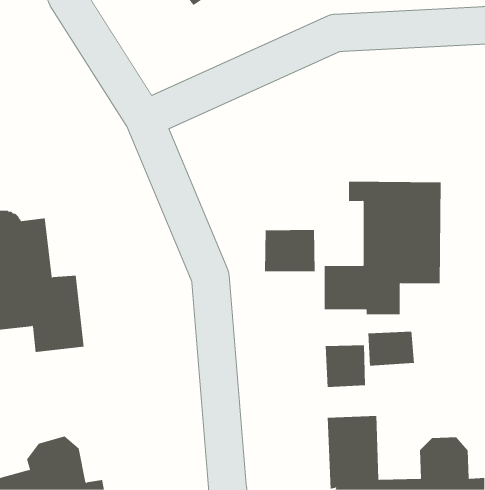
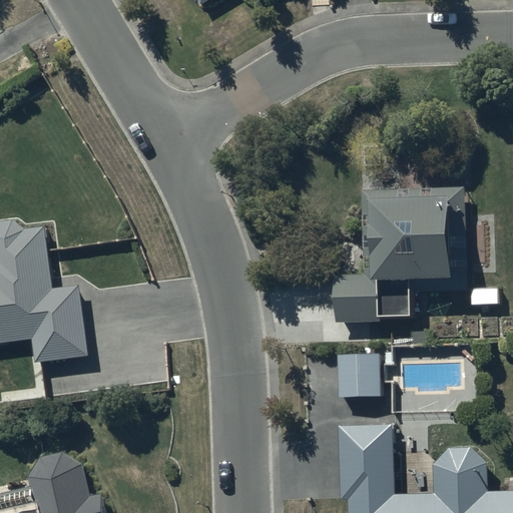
building: [265,229,315,272] -> none
building: [368,331,414,366] -> none

